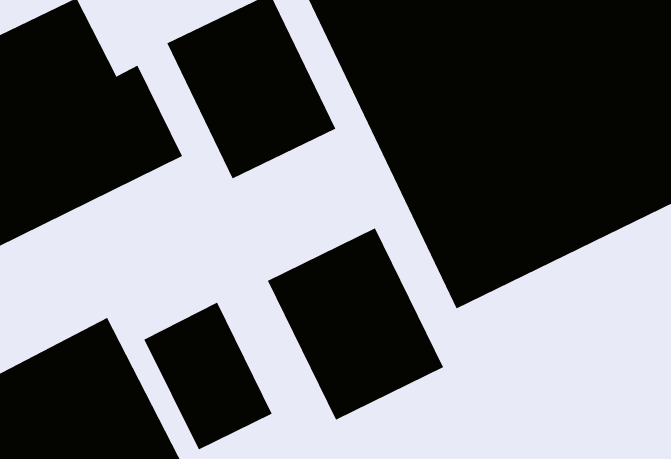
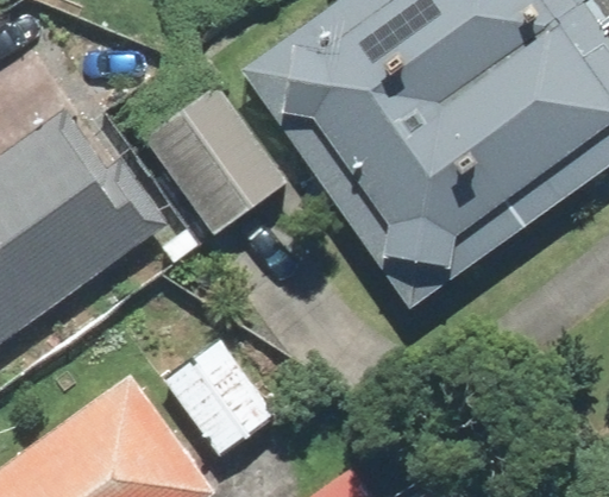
building: [267,228,444,420] -> none

